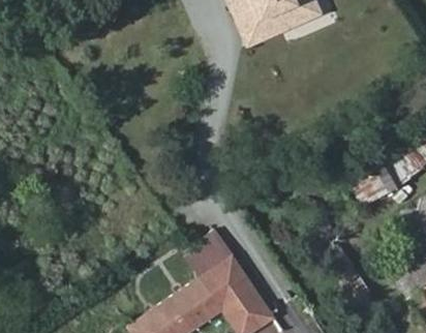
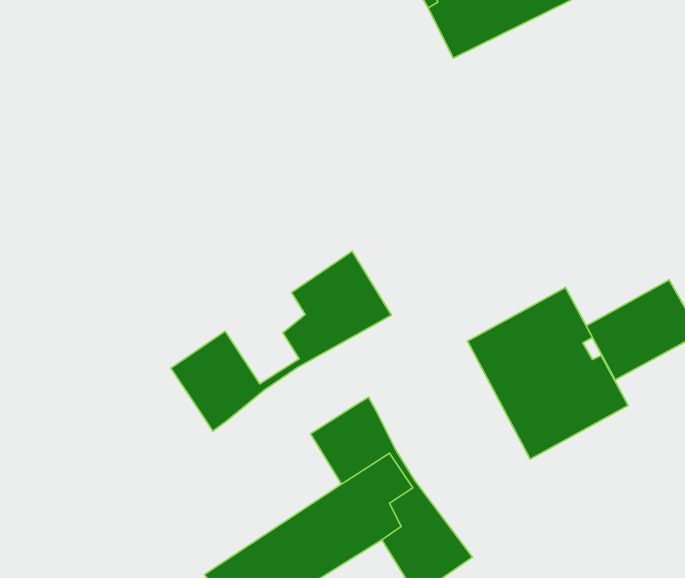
building: none -> [171,251,391,431]
building: none -> [468,288,628,459]

